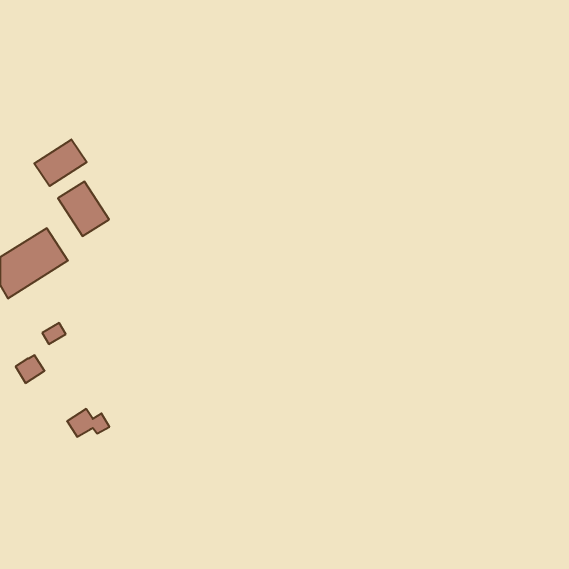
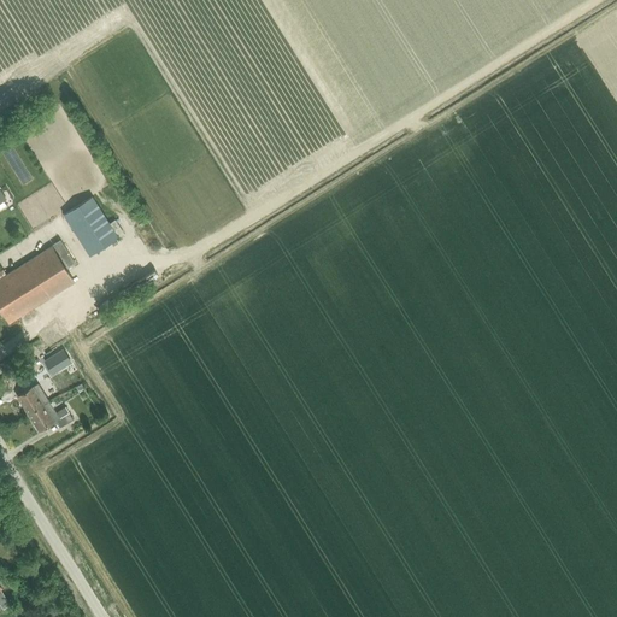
building: [34,139,87,186] -> none
building: [67,409,109,437] -> [28,401,74,431]

